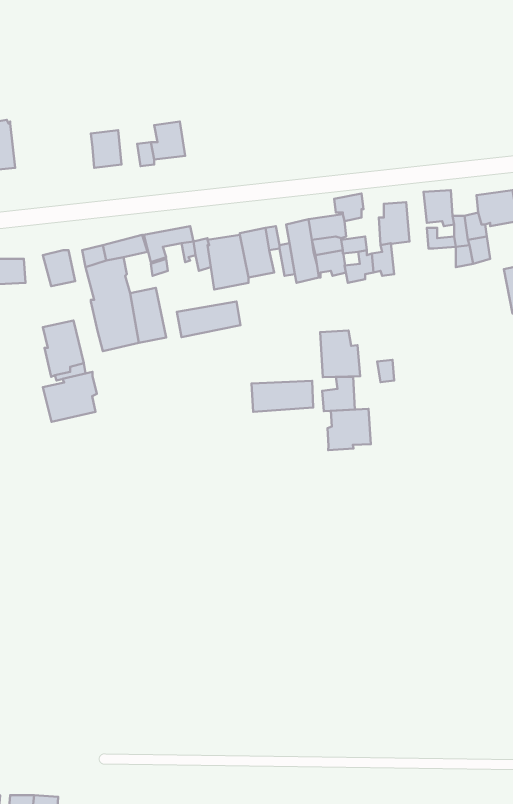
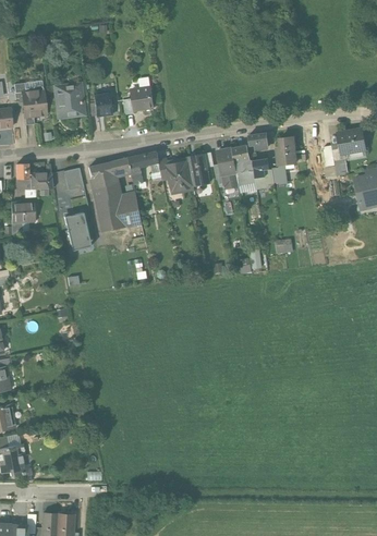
building: none -> [57,84,84,117]
building: [177,302,241,337] -> none
building: [320,330,360,377] -> none
building: [43,372,97,422] -> none
building: [252,381,313,412] -> none
building: [327,409,371,450] -> none

